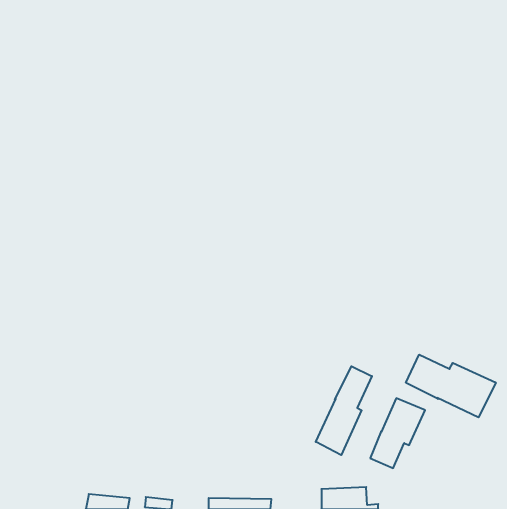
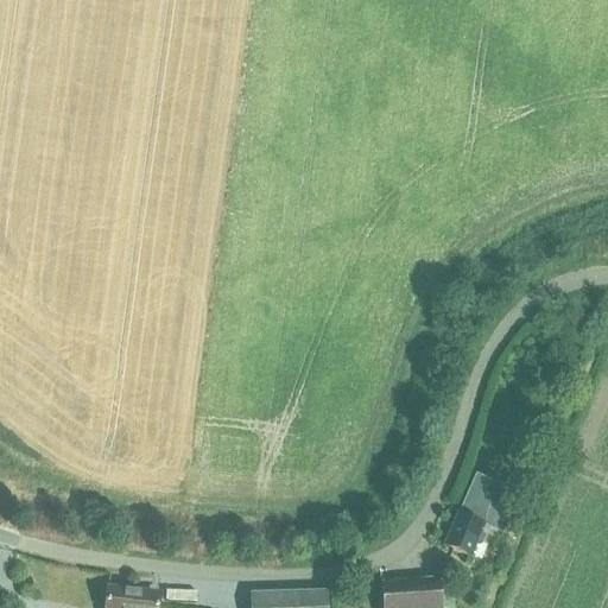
building: [406,355,496,417] -> none
building: [316,366,372,455] -> none

